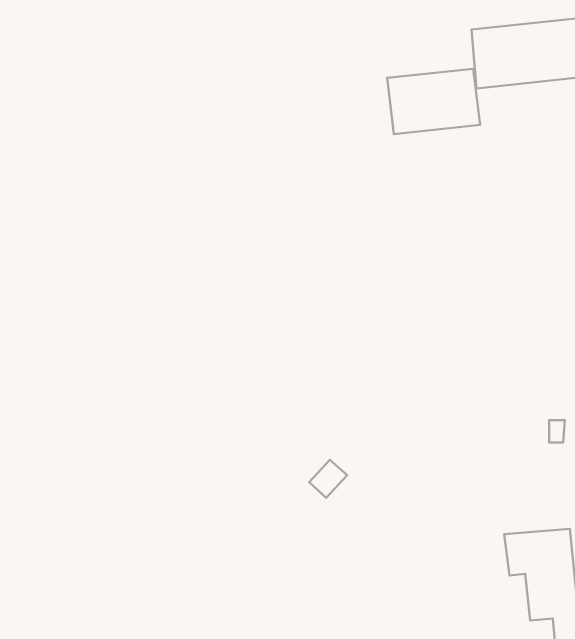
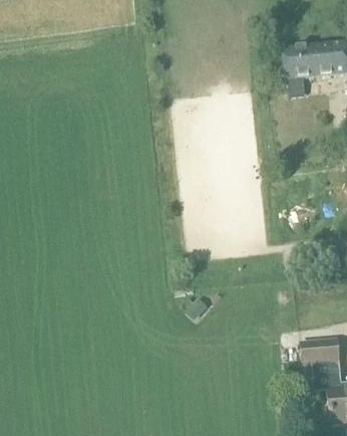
building: [387,69,480,134] -> none

